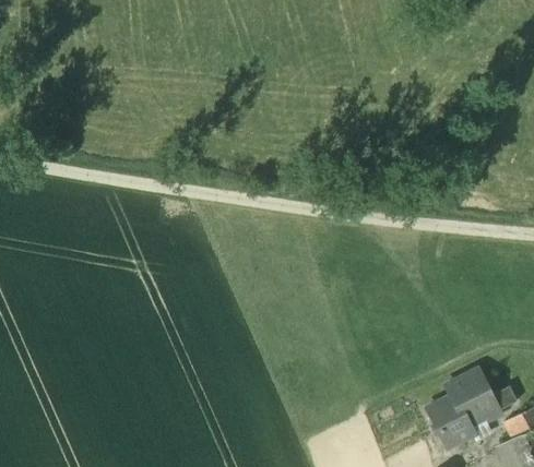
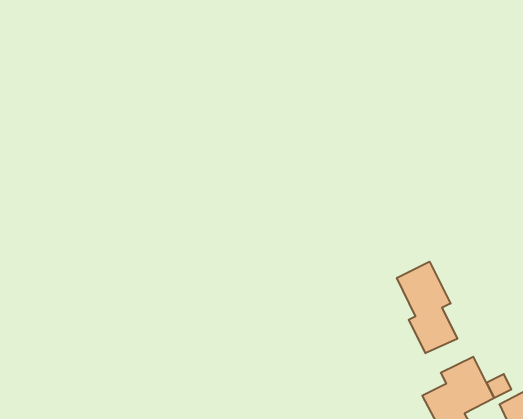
building: none -> [397,262,457,353]

